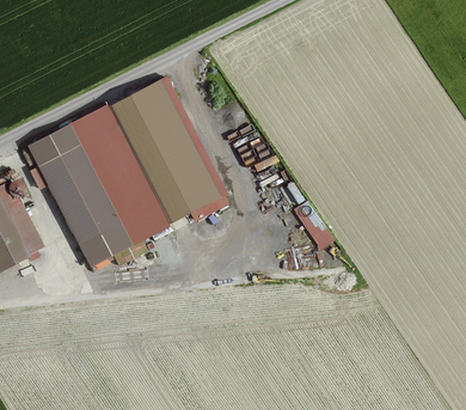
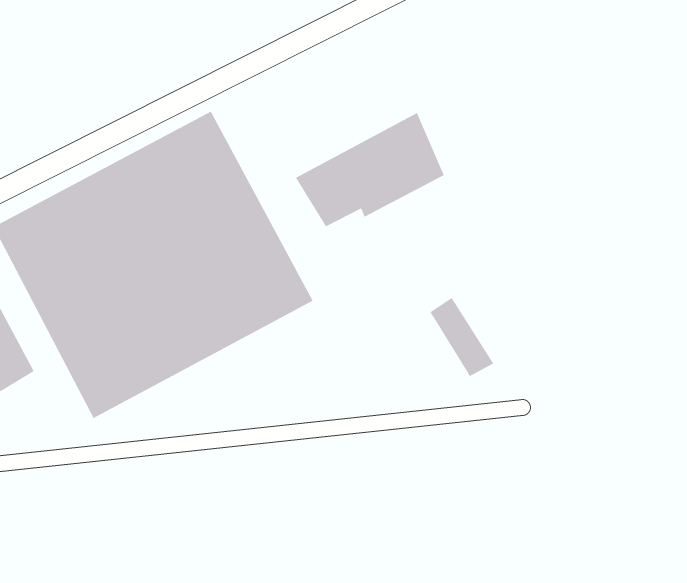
building: none -> [295,112,445,227]

